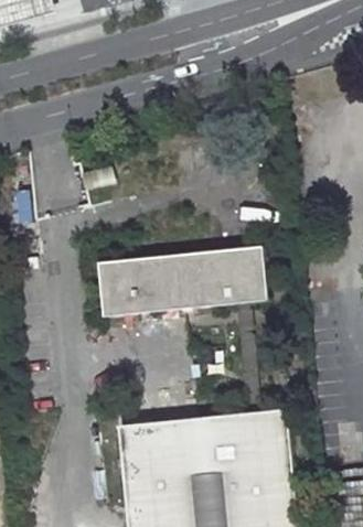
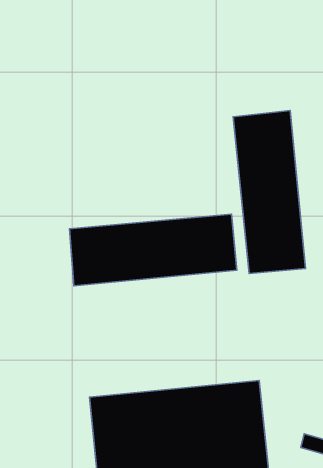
building: none -> [233,110,305,273]

